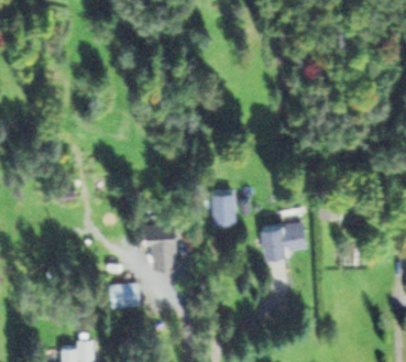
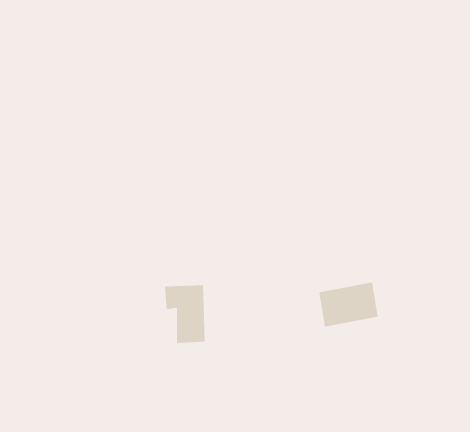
building: [213,197,231,221] -> none
building: [109,285,135,304] -> none

